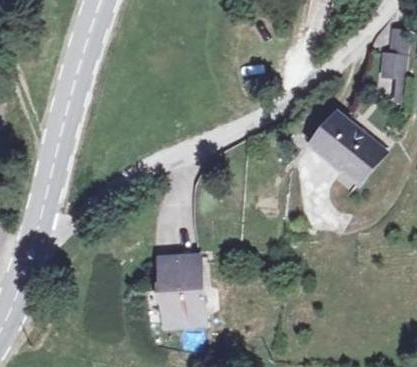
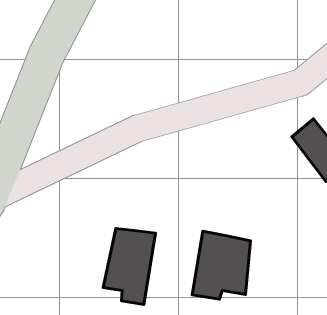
building: none -> [192,231,251,299]

